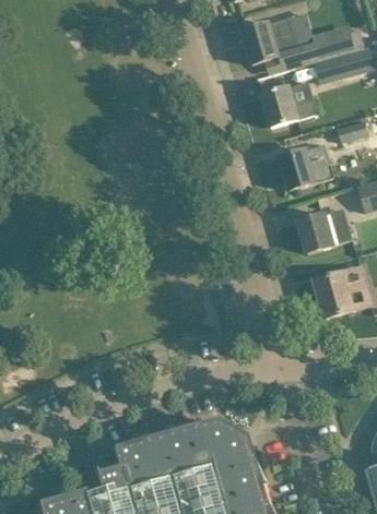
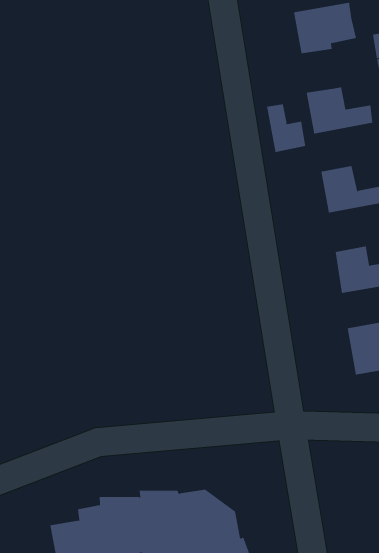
building: none -> [266,104,306,153]

